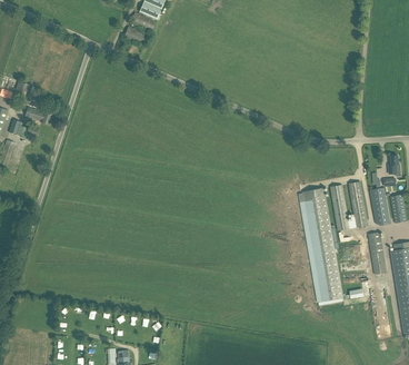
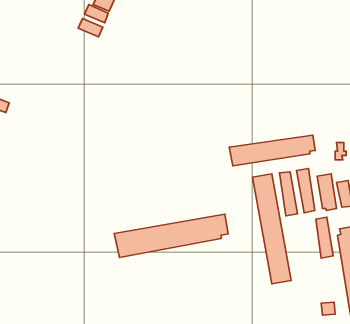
building: none -> [229,135,315,166]
building: none -> [114,214,228,257]

